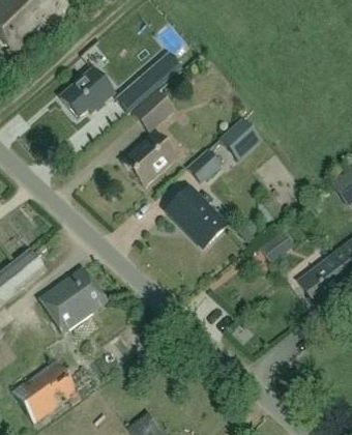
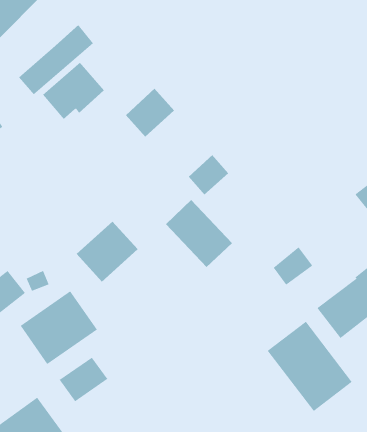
building: [115,50,181,112] -> [18,24,94,95]
building: [219,115,263,160] -> none
building: [122,130,177,184] -> [76,221,139,282]
building: none -> [267,321,352,412]
building: none -> [59,357,108,402]

